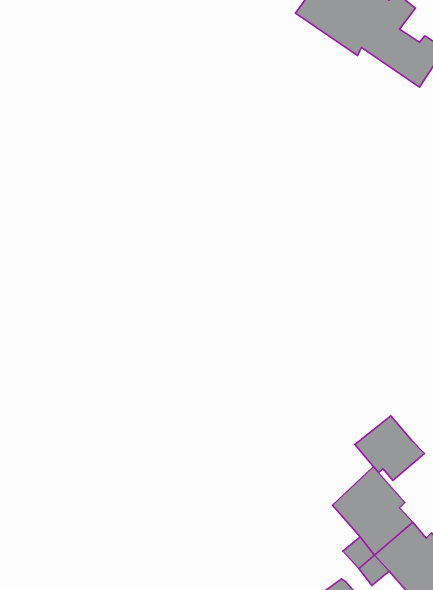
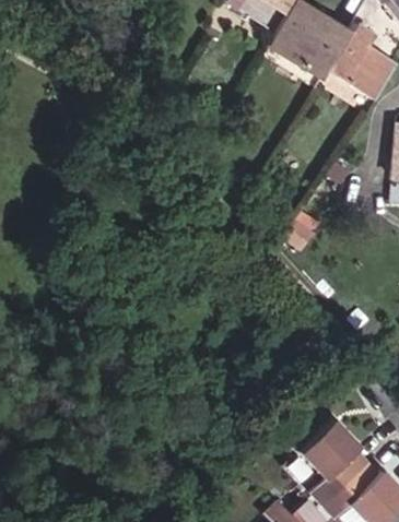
building: [355,416,424,481] -> none

